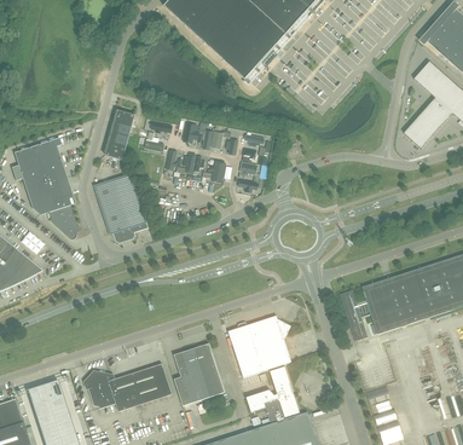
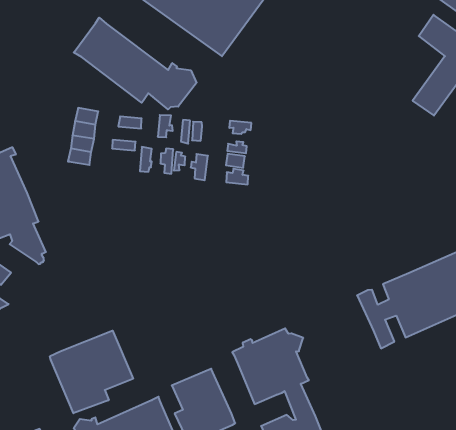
building: none -> [74,18,197,109]
building: [92,172,147,242] -> none
building: none -> [50,331,133,413]

